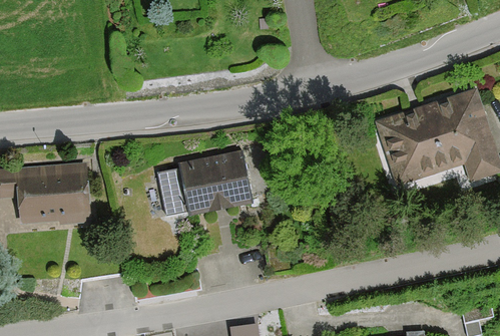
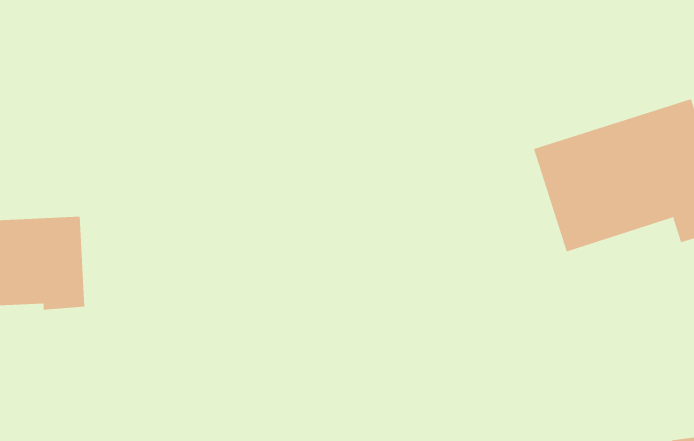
building: [158,150,253,218] -> none

